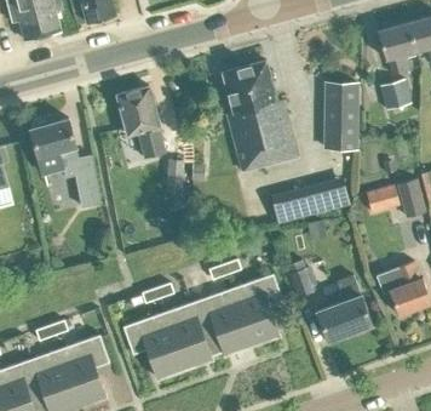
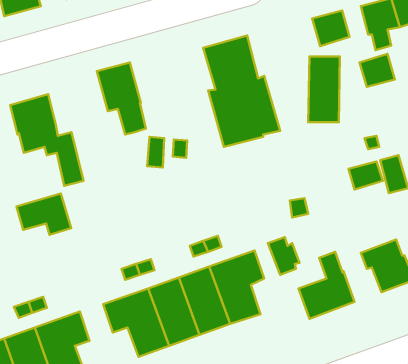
building: none -> [312,10,350,46]
building: [281,184,356,215] -> none
building: none -> [16,194,71,235]

